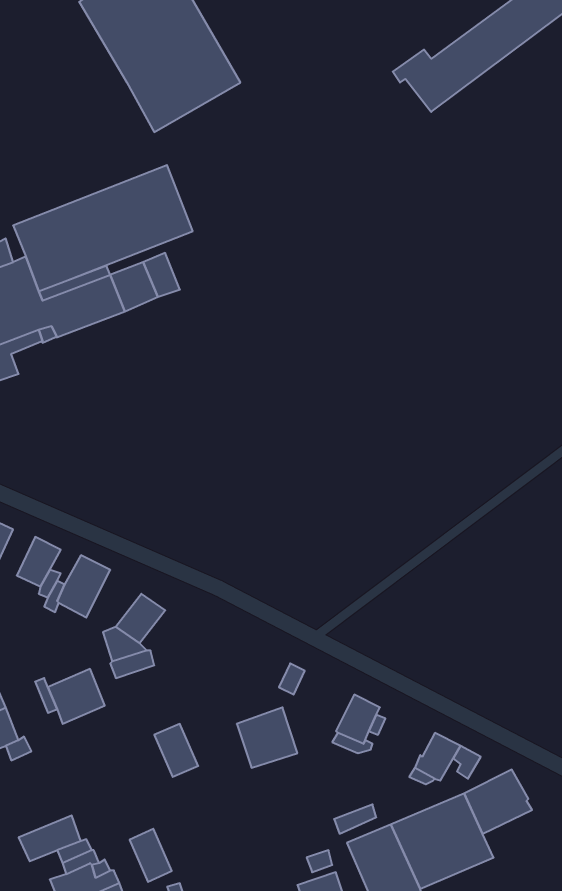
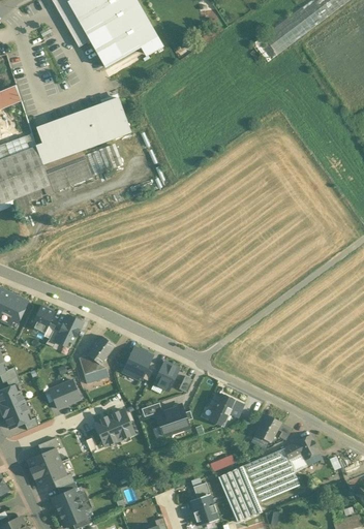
building: none -> [122,342,154,377]
building: none -> [154,360,179,388]
building: none -> [27,447,62,473]
building: [130,829,172,882] -> [95,415,119,445]

